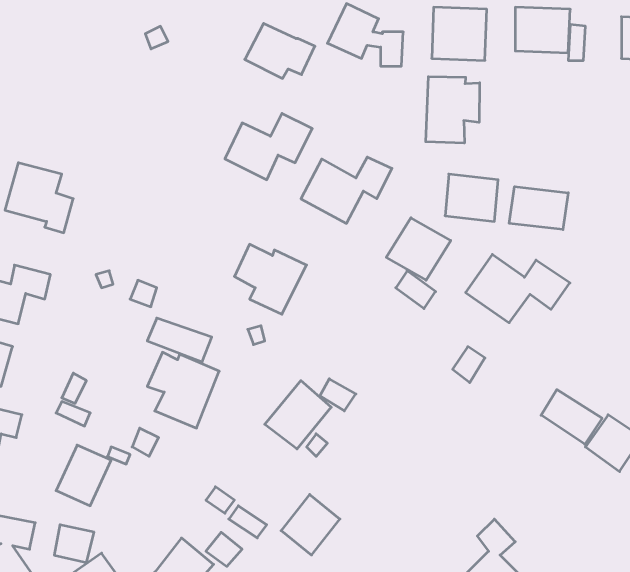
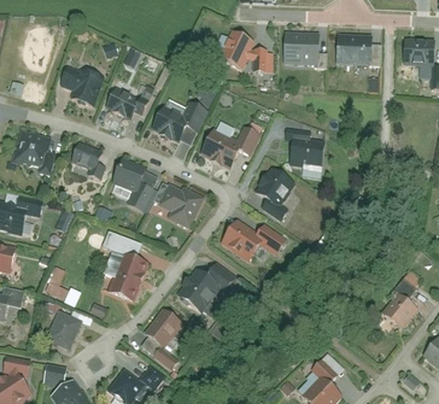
building: [245,23,315,78] -> [106,84,151,119]
building: none -> [62,68,103,107]
building: [426,77,480,143] -> none
building: none -> [71,144,106,181]
building: [509,187,568,230] -> none
building: none -> [110,158,154,213]
building: [466,254,570,323] -> [221,221,287,264]
building: [541,390,602,444] -> none
building: [281,494,340,555] -> [145,309,182,347]

